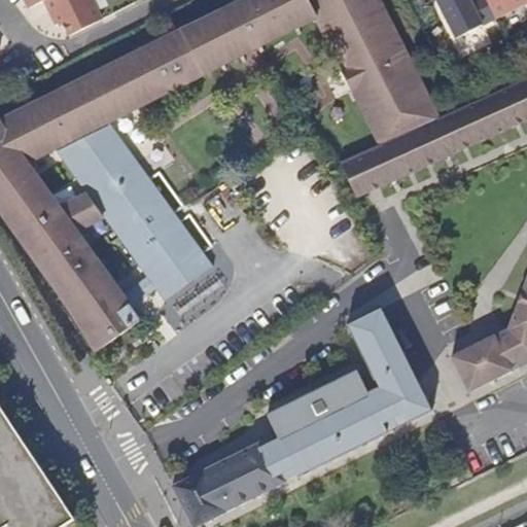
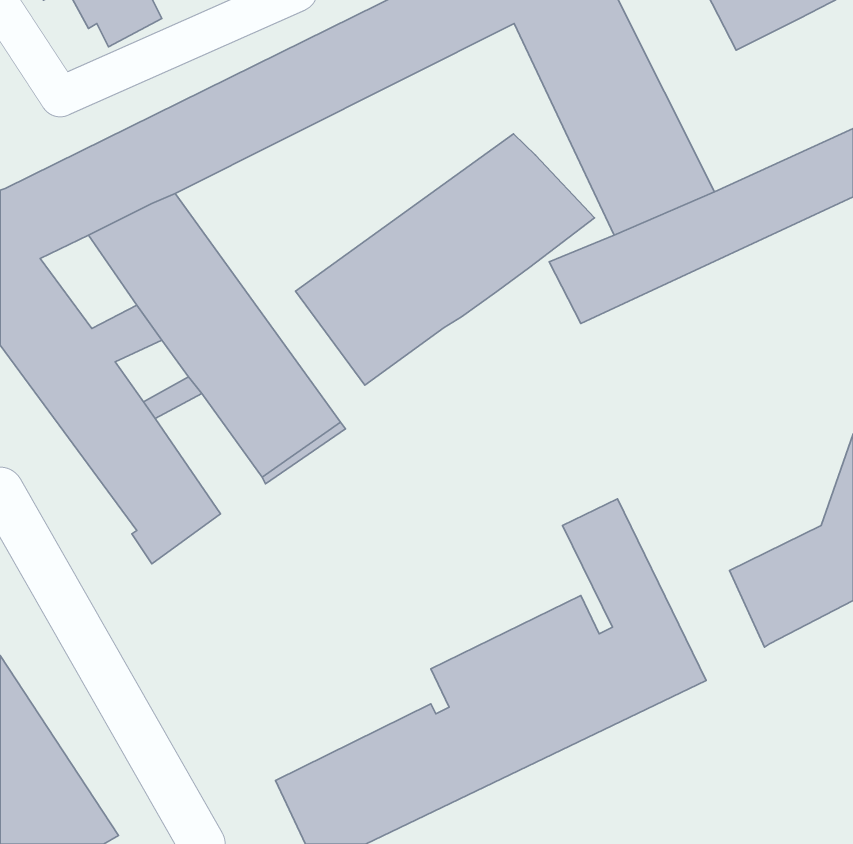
building: none -> [295,134,594,385]

